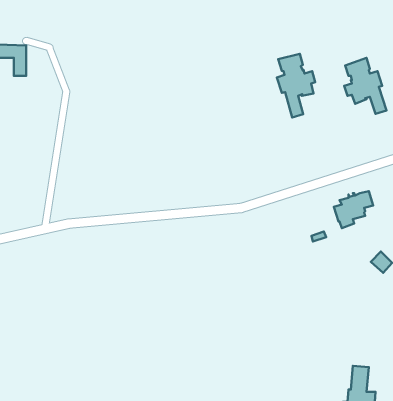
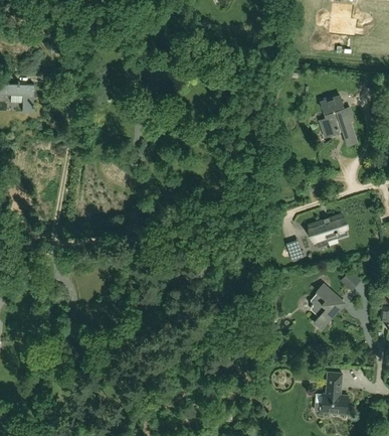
building: [277,54,315,117] -> none
building: none -> [311,285,341,328]

